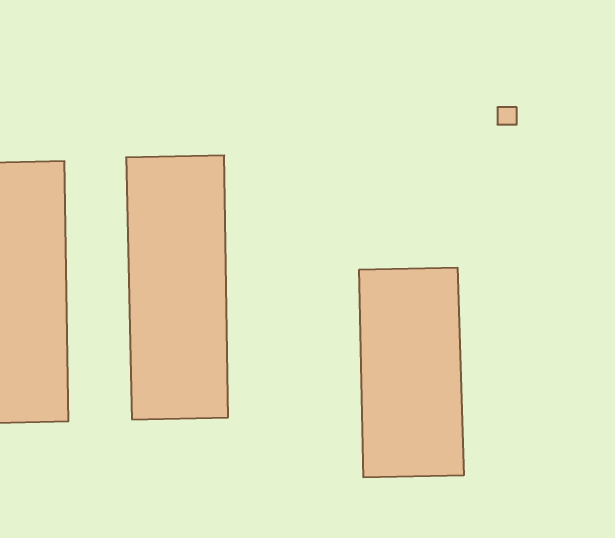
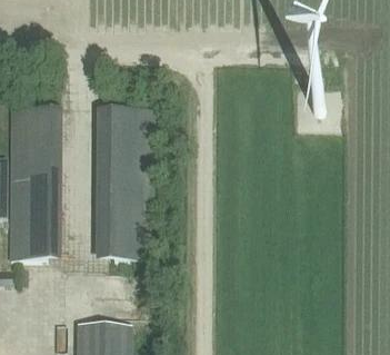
building: [359,268,464,477] -> none

